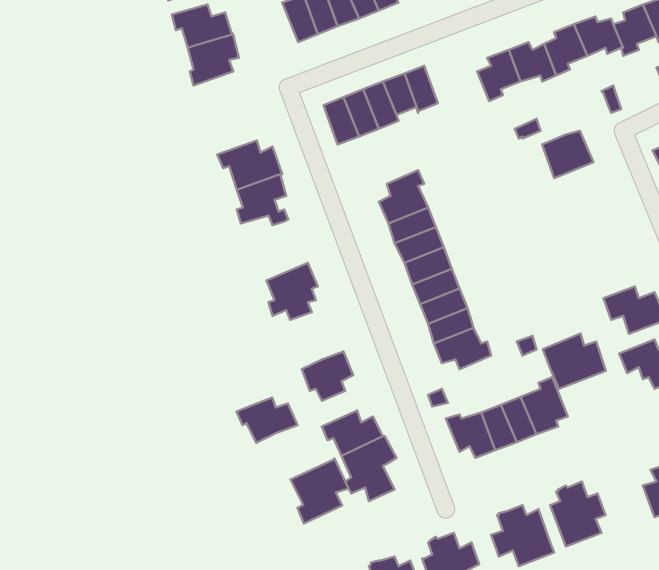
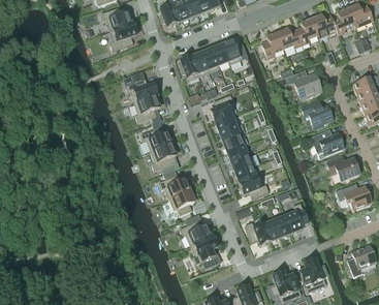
building: none -> [303,101,334,128]
building: none -> [140,121,172,152]
building: [543,334,606,389] -> [311,128,344,157]
building: [237,398,298,443] -> [159,175,191,199]
building: [291,458,349,524] -> none

